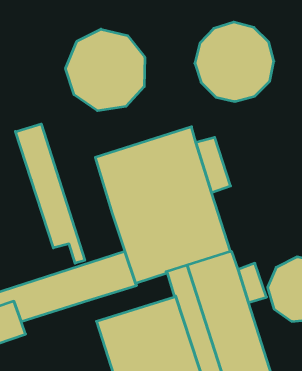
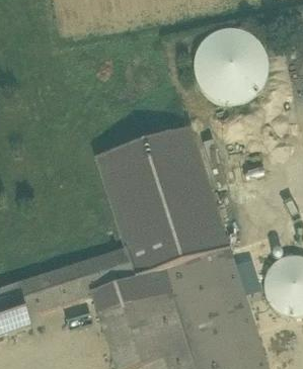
building: [66,29,145,111] -> none
building: [15,124,85,263] -> none
building: none -> [91,266,173,312]

